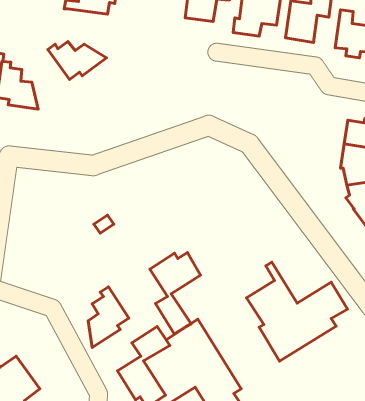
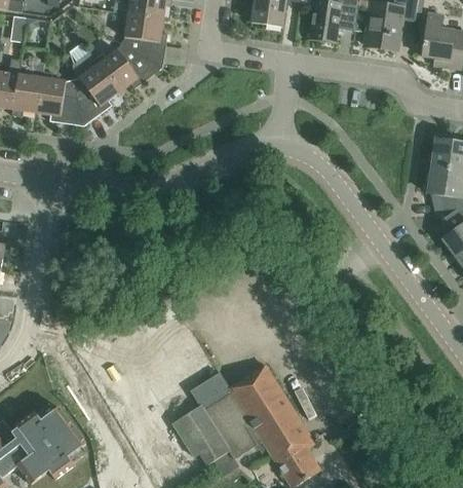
building: none -> [116,11,166,67]
building: none -> [76,58,119,125]
building: [150,253,201,334] -> none
building: [247,262,347,361] -> none
building: [88,287,129,347] -> none

